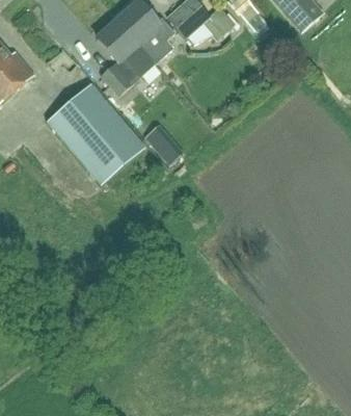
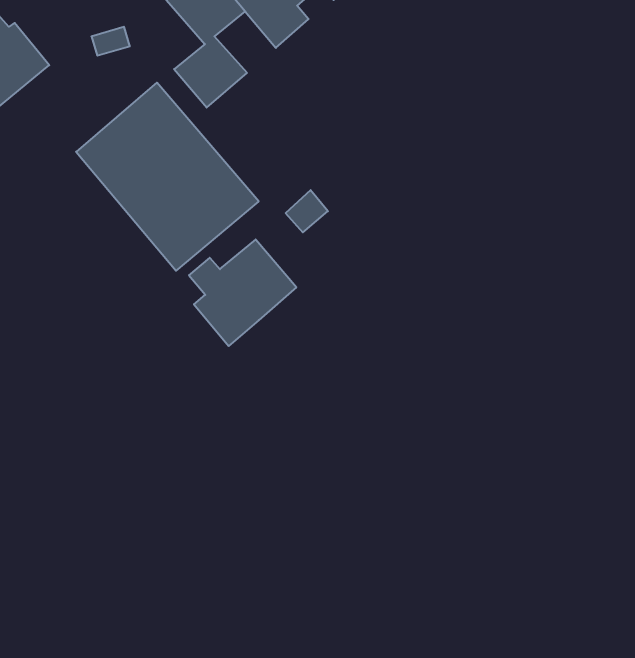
building: none -> [189,239,296,346]

